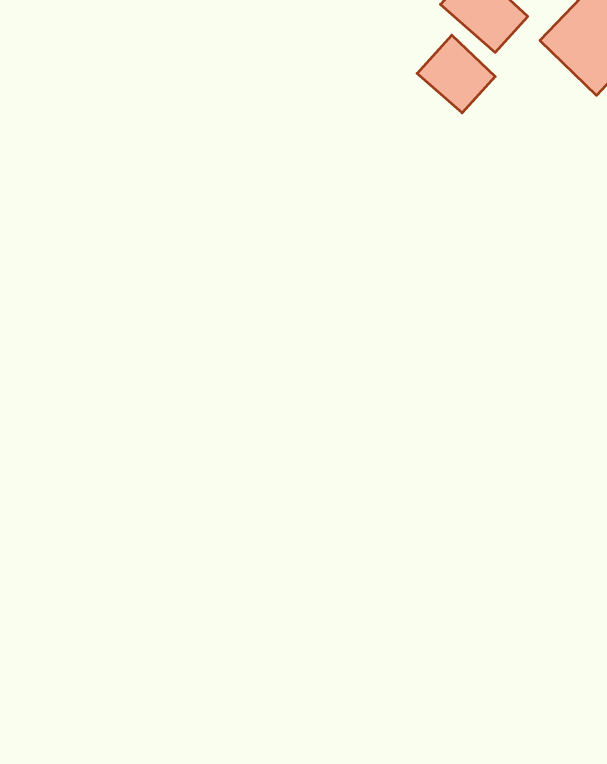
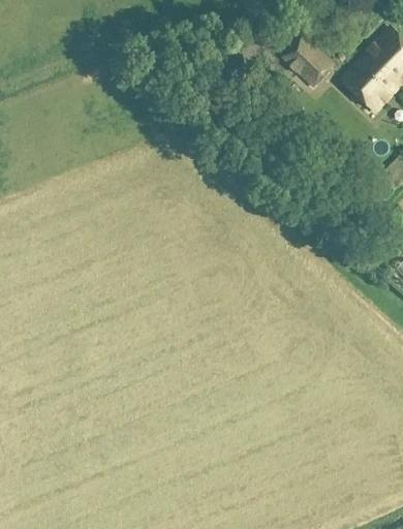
building: [417,35,495,113] -> none

